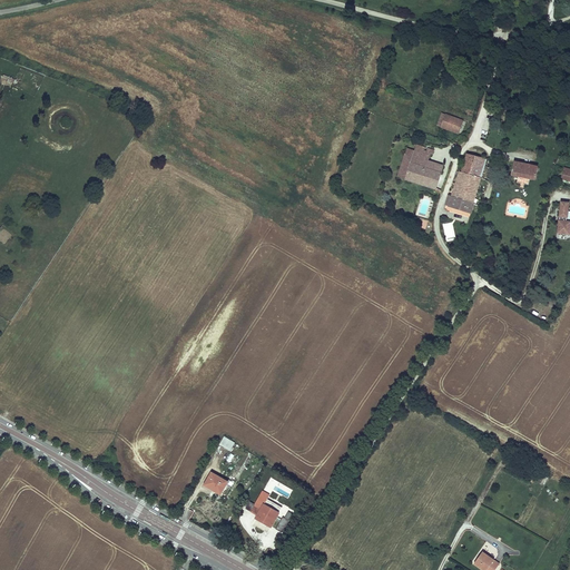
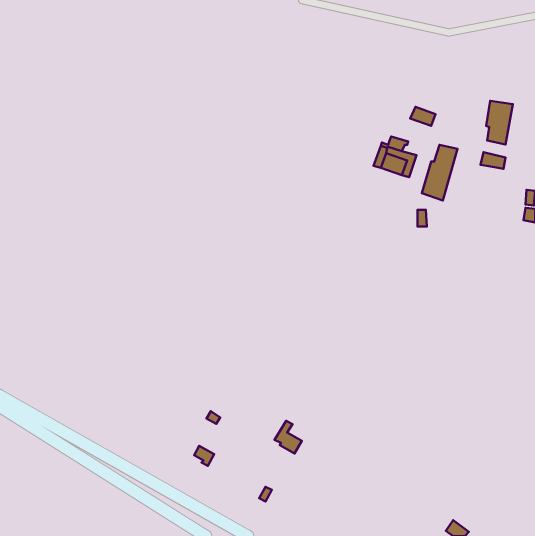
building: none -> [486,101,513,145]
building: [250,492,279,527] -> [275,421,302,453]

